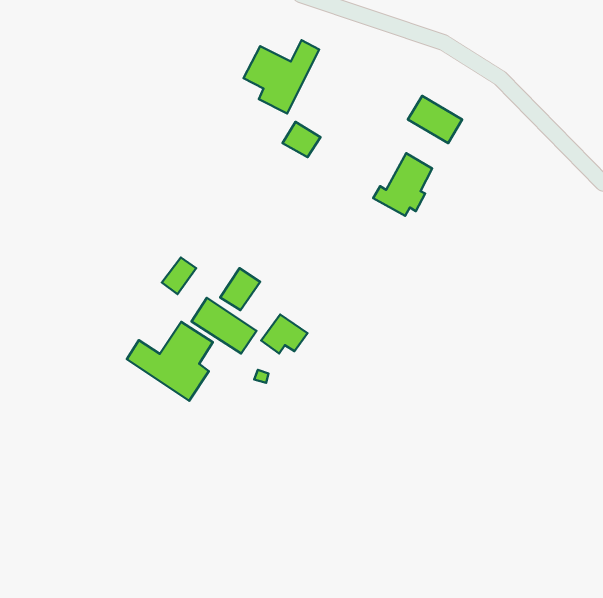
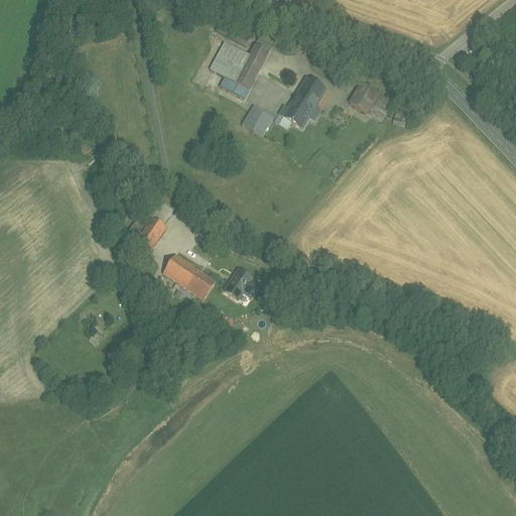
building: [373,153,432,216] -> [277,74,328,127]
building: [220,268,260,310] -> none
building: [127,322,213,401] -> none

